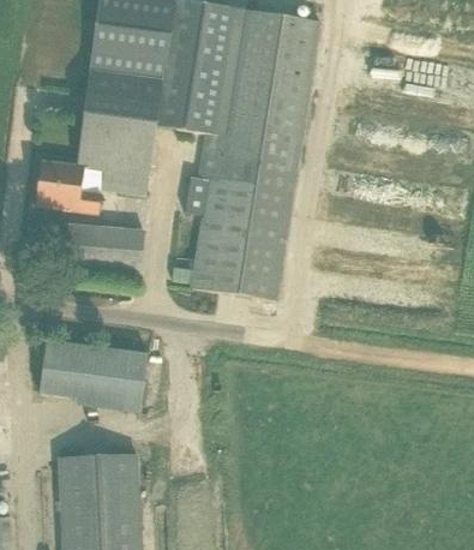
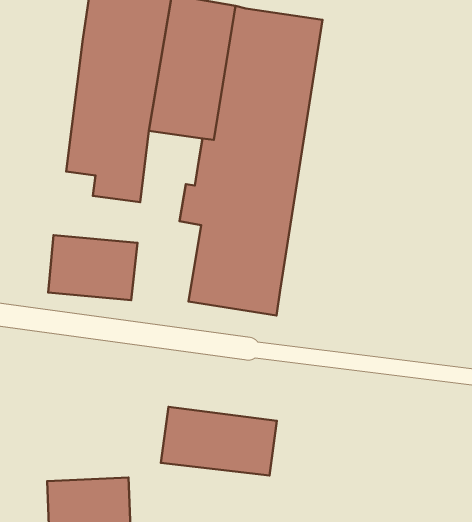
building: [35,160,104,214] -> none
building: [38,340,148,405] -> [161,407,277,476]

